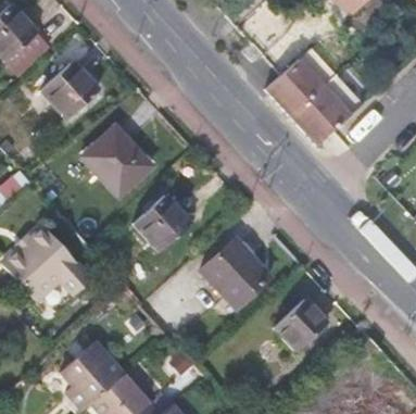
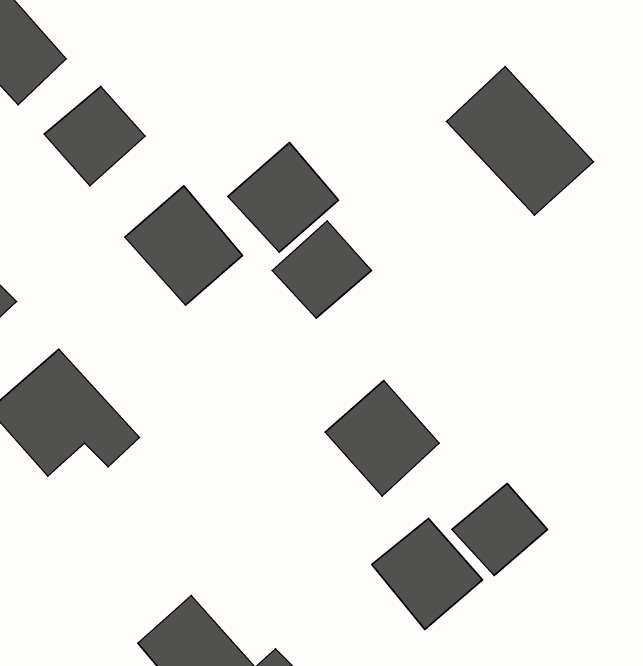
building: none -> [228,143,338,252]
building: [140,191,199,249] -> [272,221,371,318]
building: none -> [372,518,482,629]
building: [60,334,122,402] -> none

